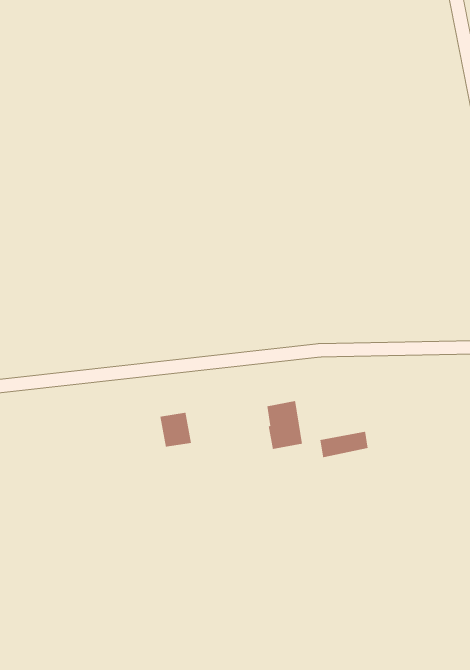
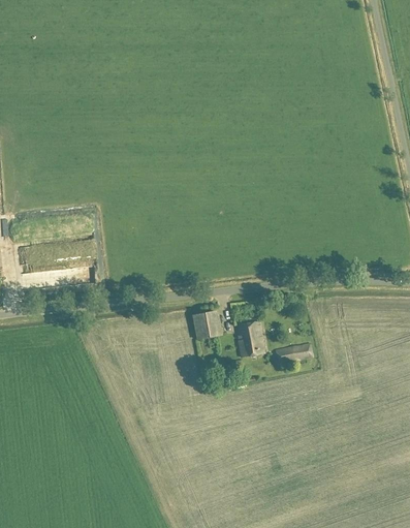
building: [160,412,192,447] -> [194,311,218,337]

